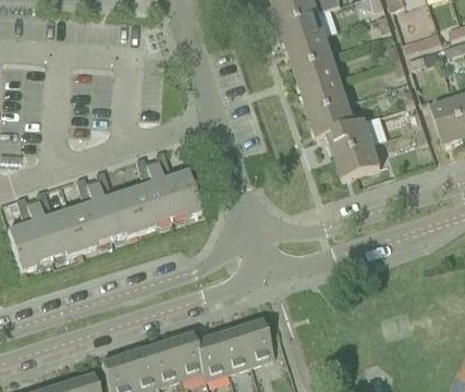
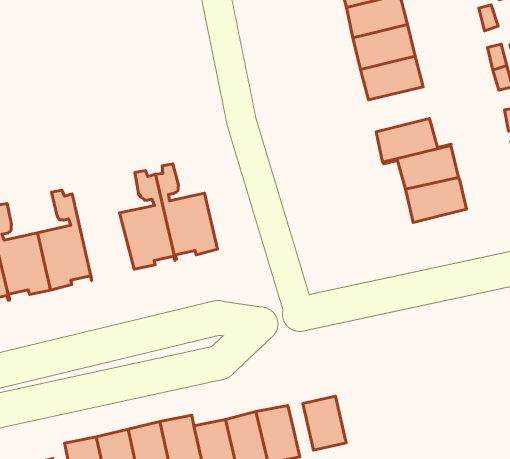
building: [302,77,347,113] -> none
building: [90,169,140,238] -> none
building: none -> [303,396,346,450]

